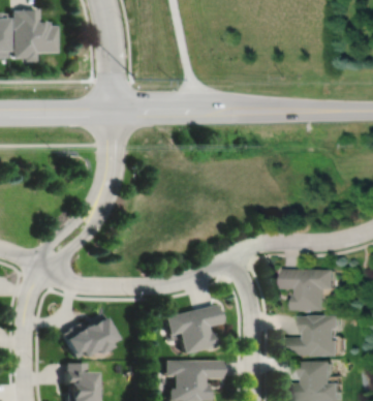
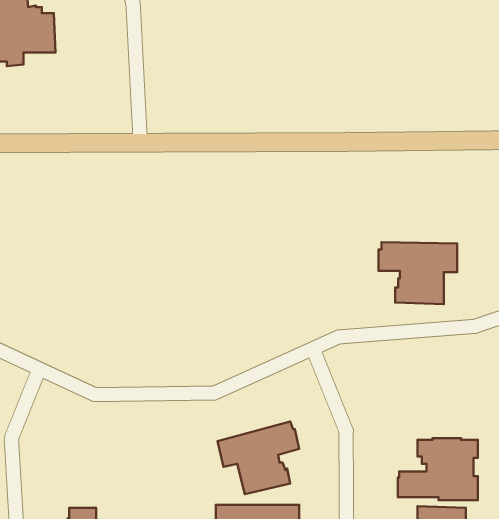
building: [282,270,336,312] -> [379,242,457,304]
building: [57,314,112,360] -> none

